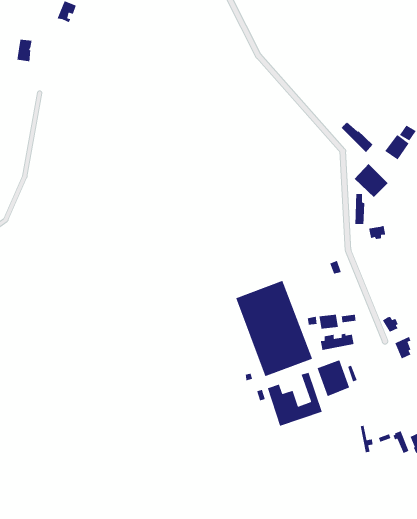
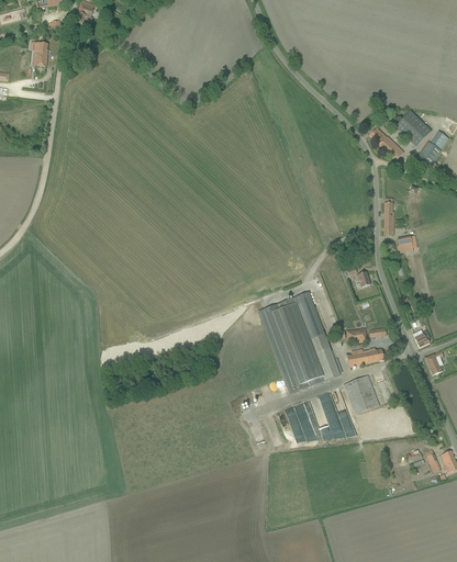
building: [354,163,389,198] -> [394,110,431,146]

